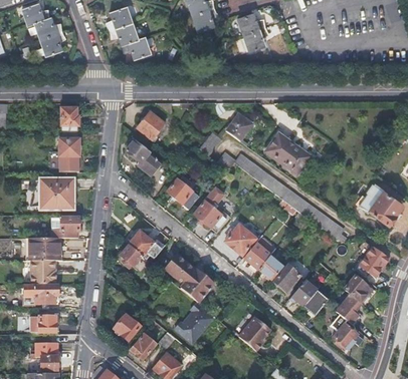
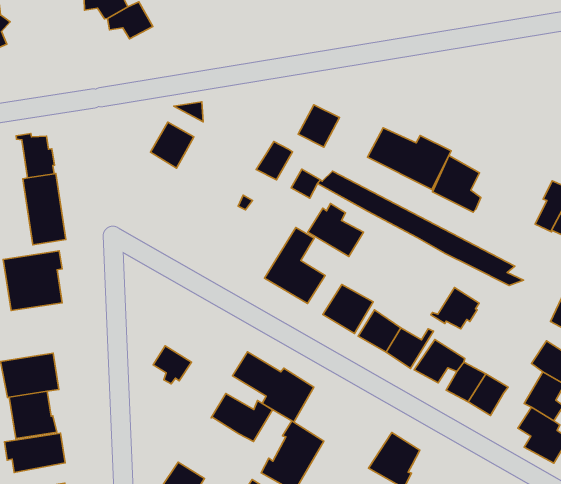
building: [125,140,161,175] -> none
building: none -> [432,155,481,212]
building: [166,175,199,209] -> [308,203,364,256]
building: [51,217,79,238] -> none
building: [127,231,164,262] -> [211,394,272,442]
building: none -> [431,288,479,329]

